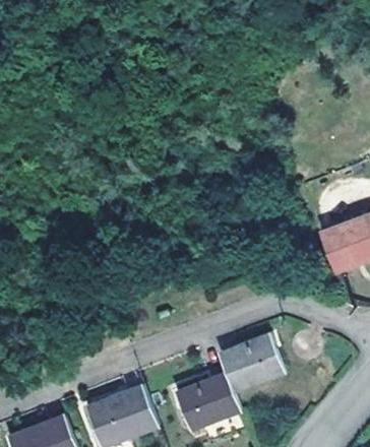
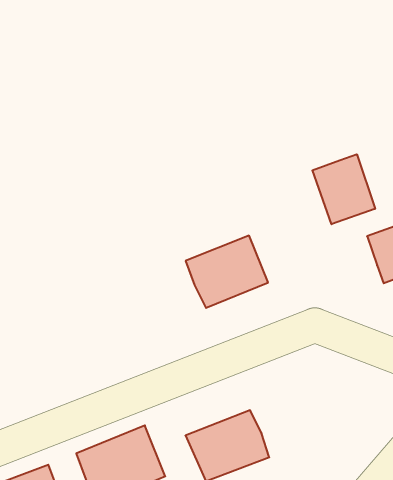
building: none -> [312,154,375,224]
building: [219,332,285,390] -> [186,236,268,308]

